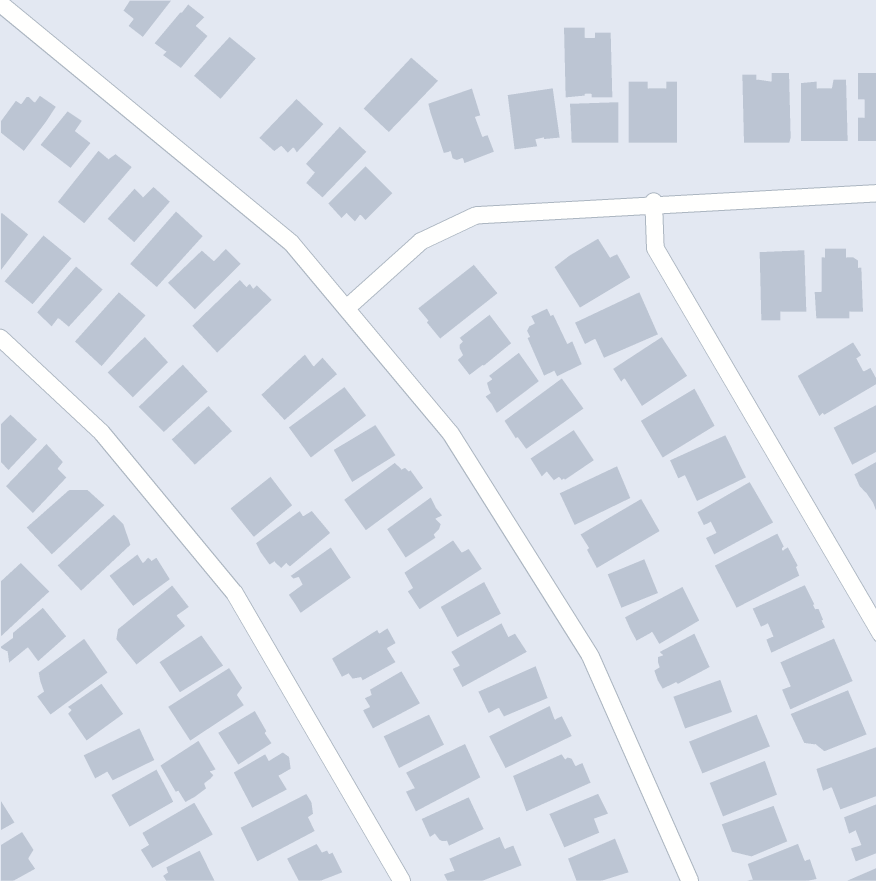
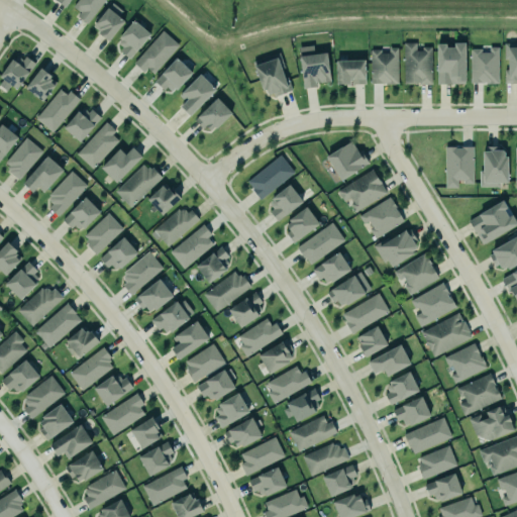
building: [563,27,613,98] -> [404,42,433,84]
building: [363,57,439,133] -> [137,31,182,76]
building: [526,308,583,377] -> none
building: none -> [147,185,181,215]
building: none -> [123,250,164,294]
building: none -> [186,342,225,382]
building: [159,740,216,803] -> none

